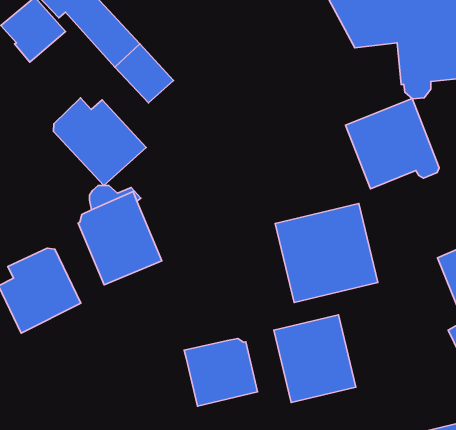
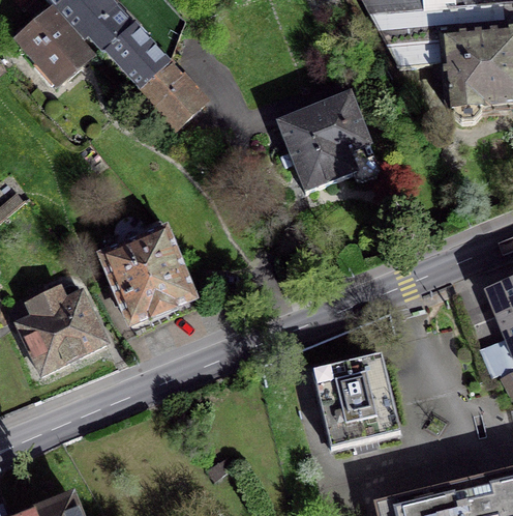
building: [54,98,146,186] -> none
building: [346,98,439,189] -> [278,94,379,192]
building: [275,203,378,303] -> none
building: [184,338,257,406] -> none

